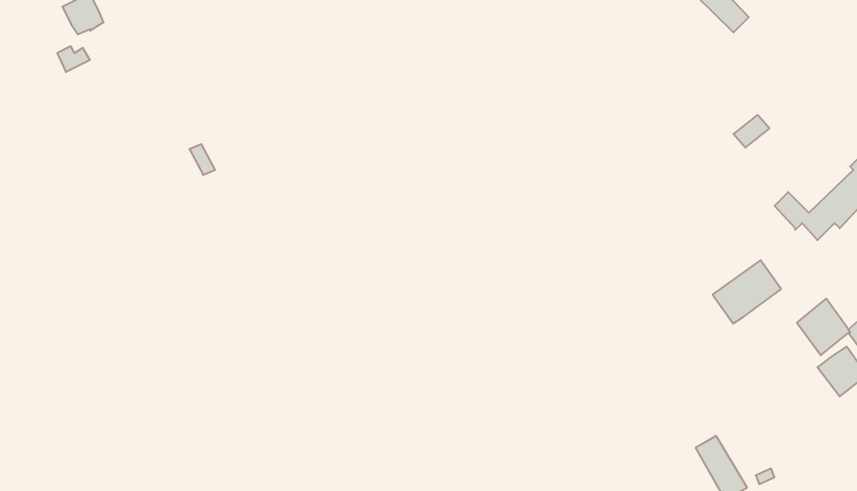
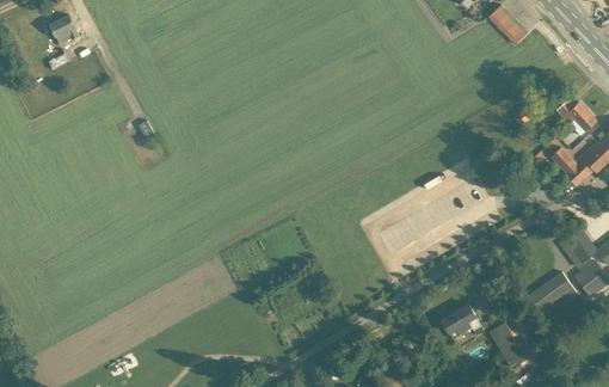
building: none -> [555,99,596,135]
building: [713,260,781,324] -> [528,271,576,315]
building: none -> [442,303,482,338]

